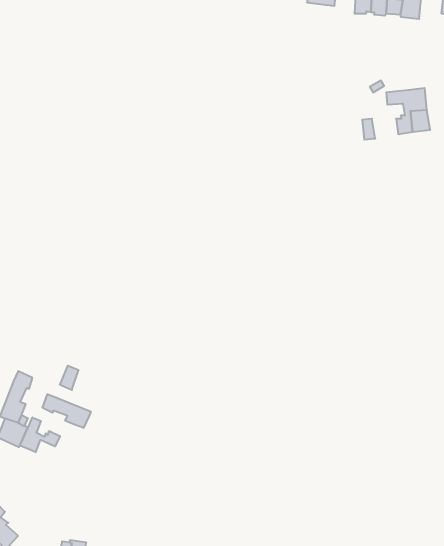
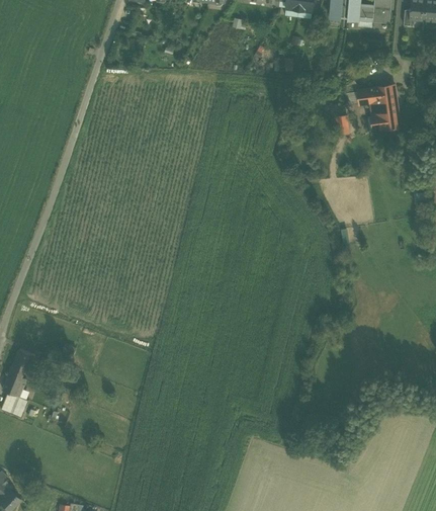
building: [43,394,91,428] -> none
building: [20,417,60,452] -> none

